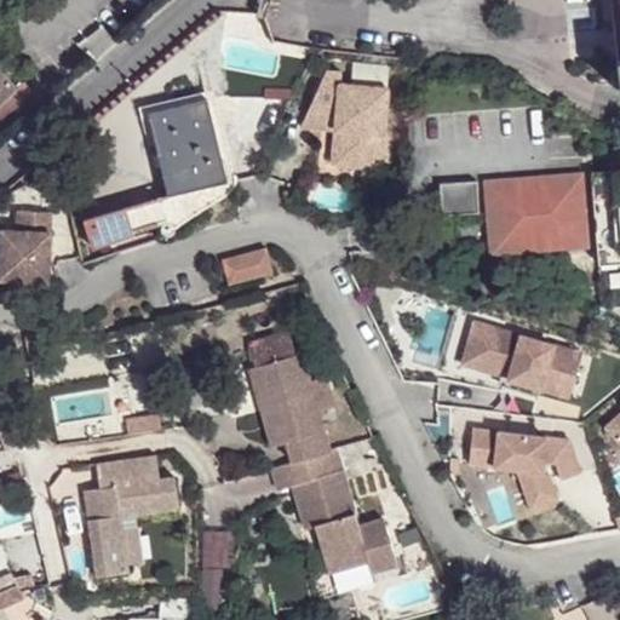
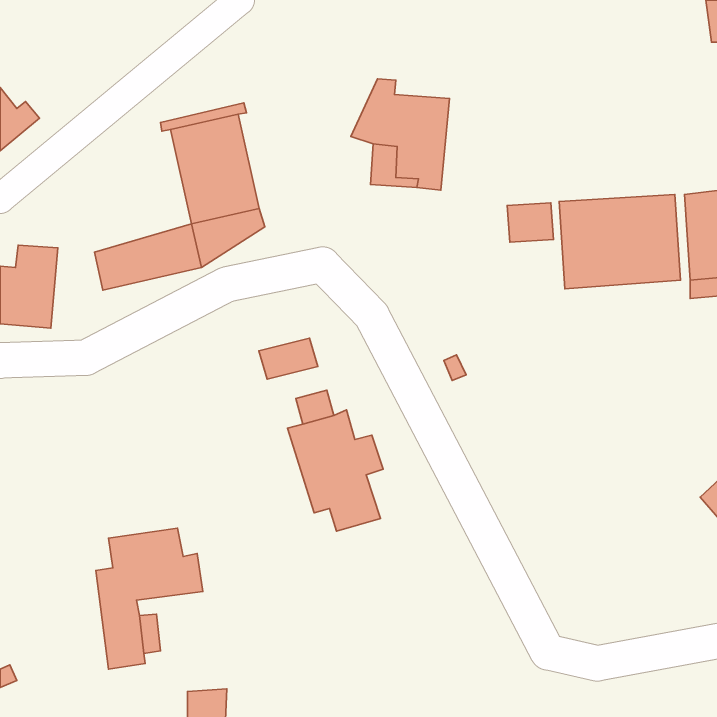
building: [218,251,269,286] -> [259,338,318,379]
building: [465,320,589,396] -> none
building: [470,432,581,512] -> none
building: [272,447,397,572] -> none

